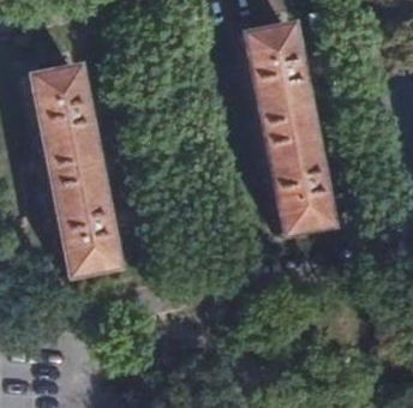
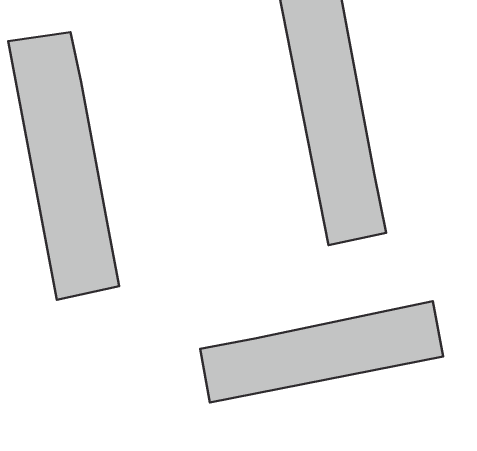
building: none -> [200,301,443,403]

